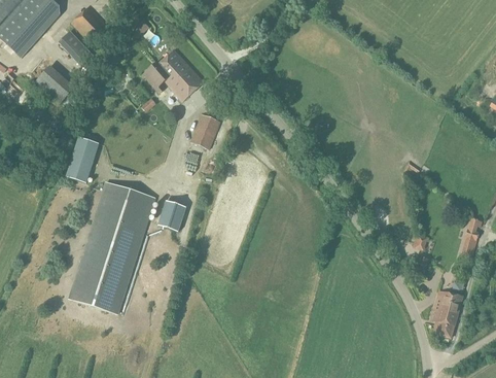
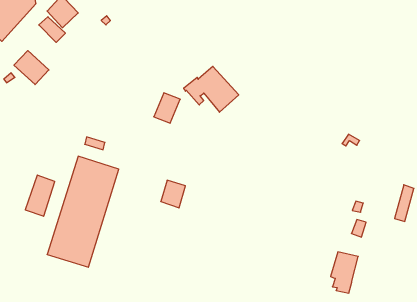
building: [141,50,203,102] -> [184,66,239,112]
building: [65,137,98,183] -> [25,175,55,216]
building: [157,201,185,232] -> [161,180,185,208]
building: [430,291,461,338] -> [331,252,358,293]

